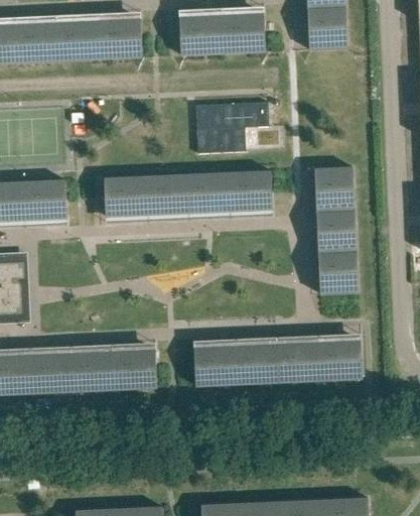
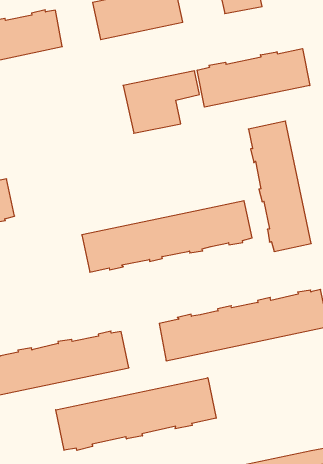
building: none -> [197,49,310,107]
building: [104,170,273,218] -> [82,201,252,272]
building: none -> [56,378,216,450]

